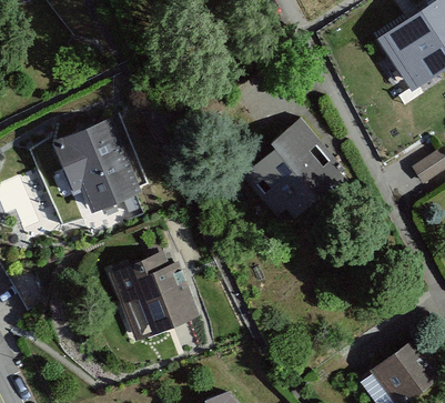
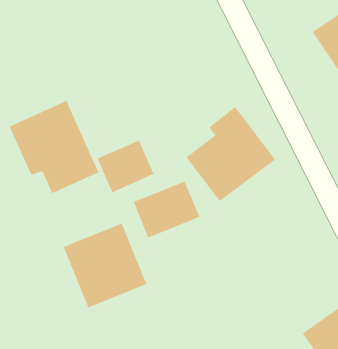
building: none -> [97,140,154,193]
building: none -> [133,181,200,239]

